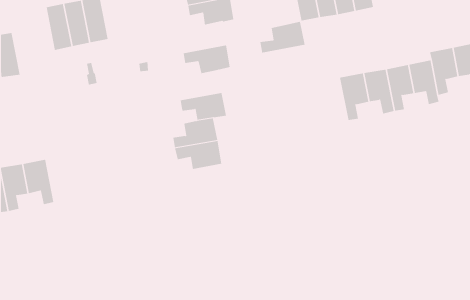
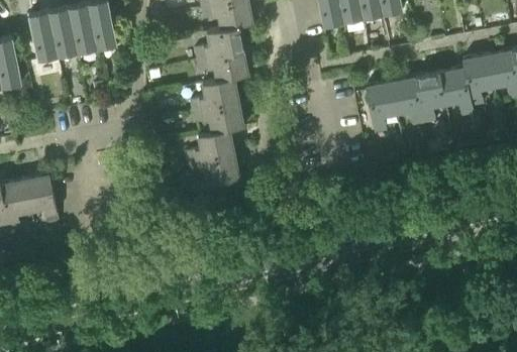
building: none -> [29,12,59,62]
building: [260,21,306,53] -> [195,27,244,62]
building: none -> [191,80,239,112]

